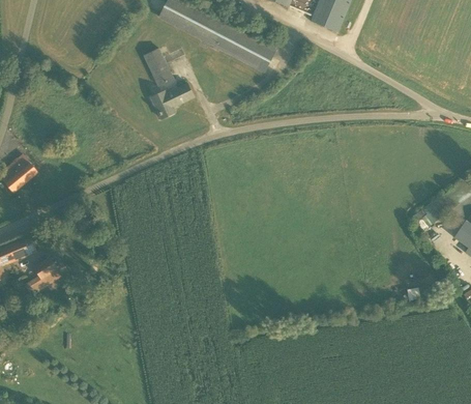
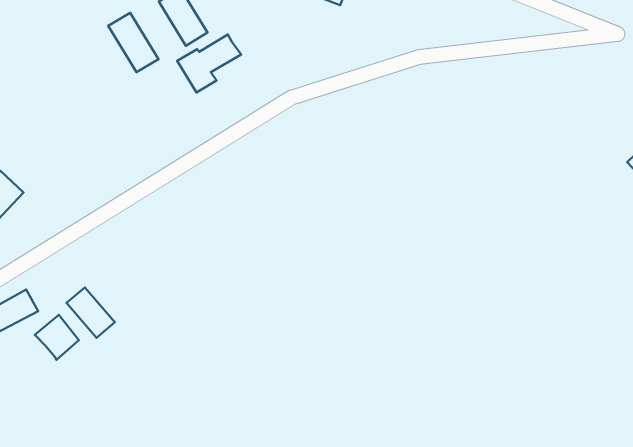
building: none -> [108,13,158,72]
building: none -> [67,287,115,338]

